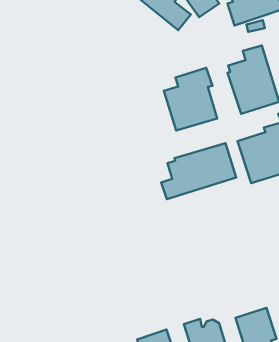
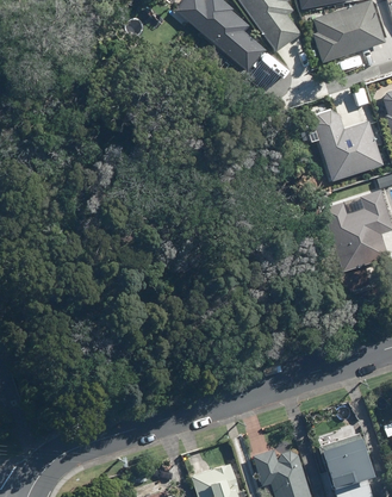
building: [164,68,217,130] -> none
building: [161,143,236,199] -> none

